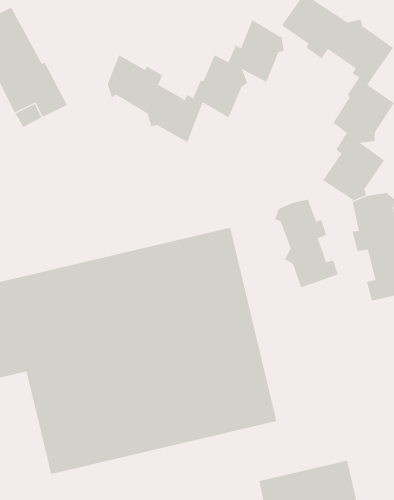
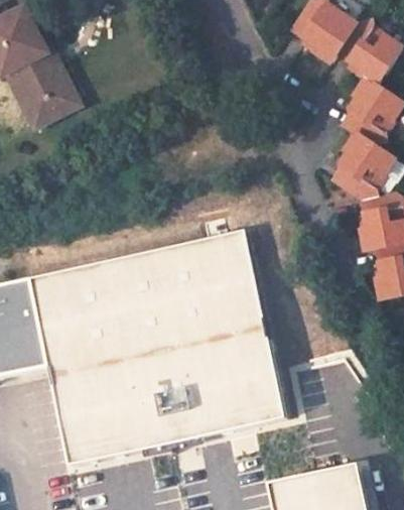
building: [107,19,284,143] -> none
building: [274,199,338,288] -> none

